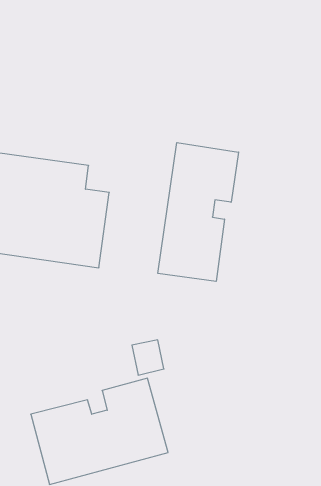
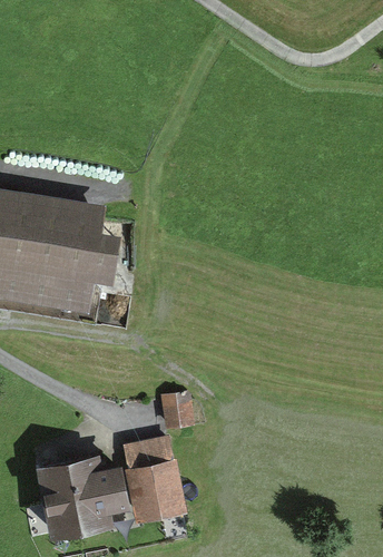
building: [158,143,239,281] -> none

